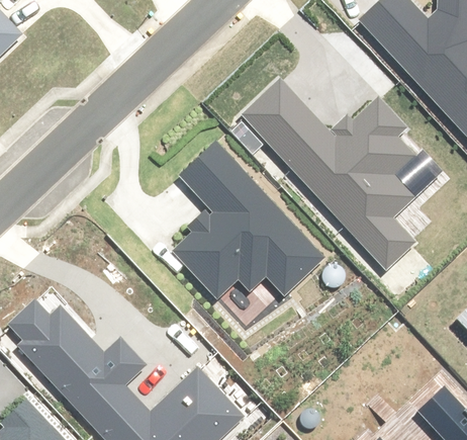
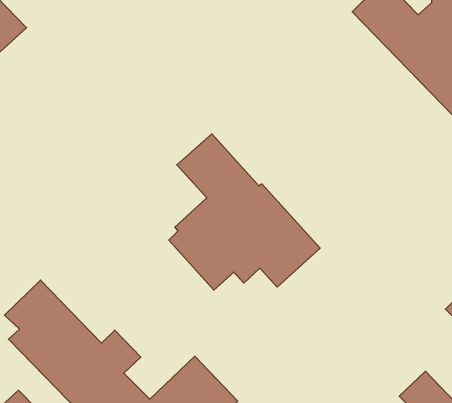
building: [242,83,415,264] -> none

